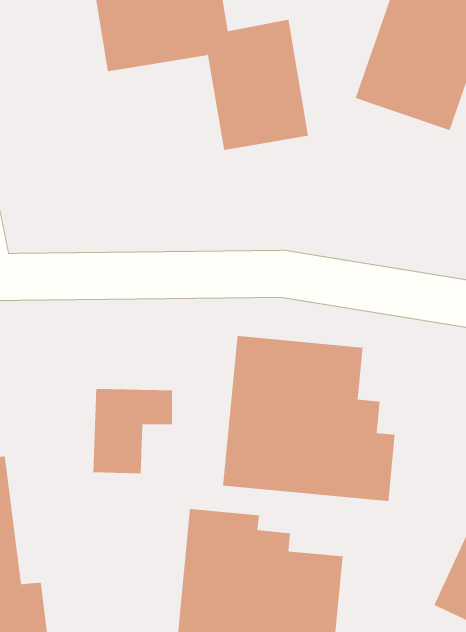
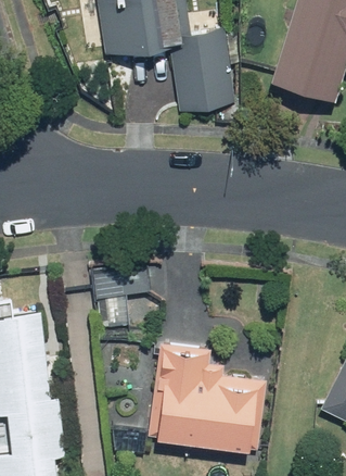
building: [222,335,395,502] -> none

